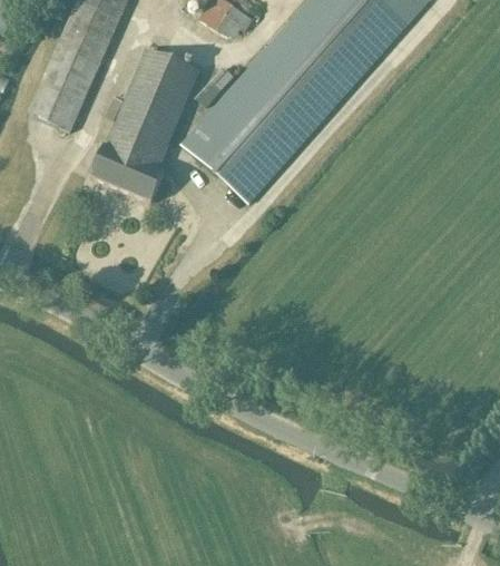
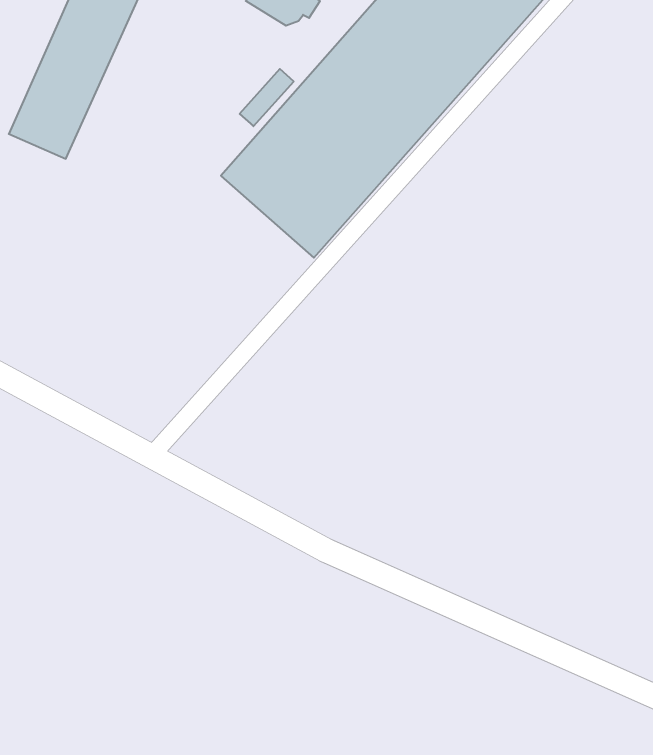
building: [91,47,199,201] -> none

